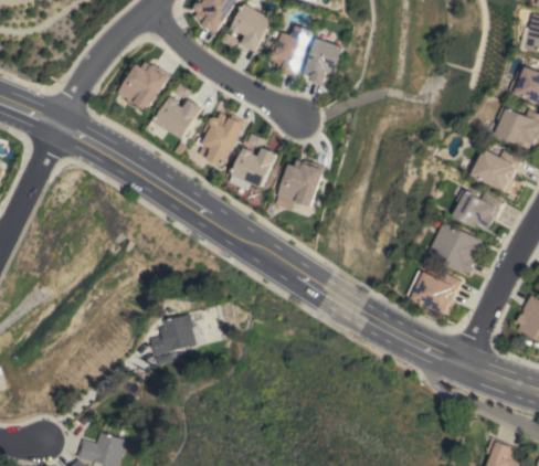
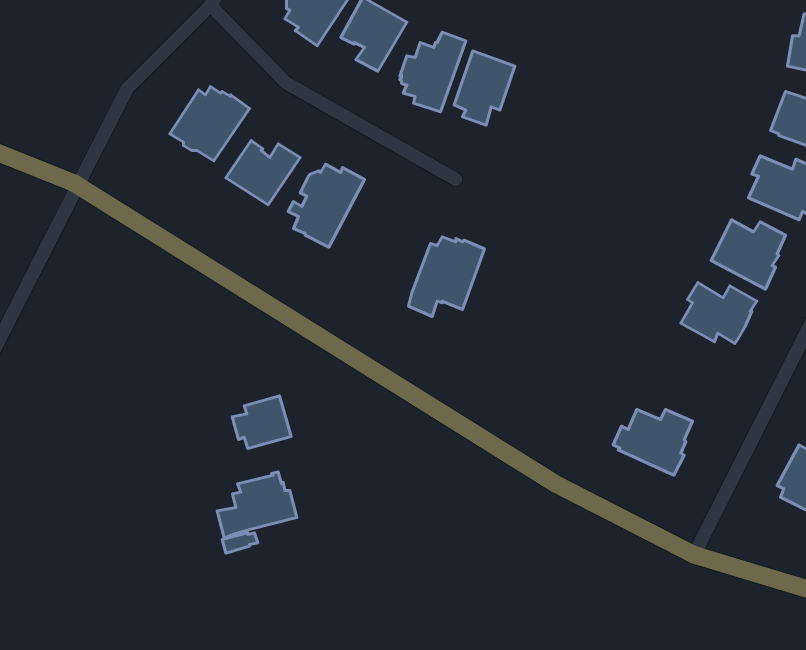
building: [229,147,276,190] -> none
building: [426,221,480,273] -> none
building: none -> [232,396,291,448]

